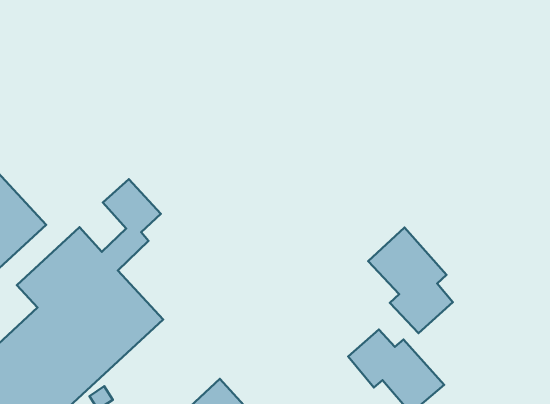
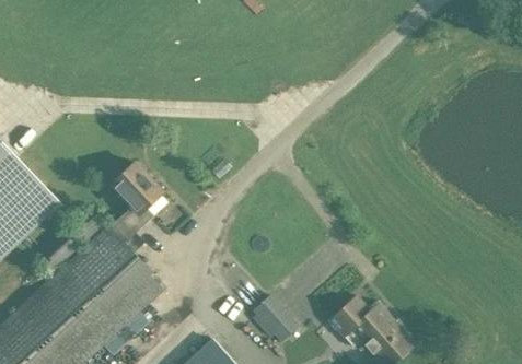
building: [368,228,453,333] -> none
building: none -> [254,296,297,341]

